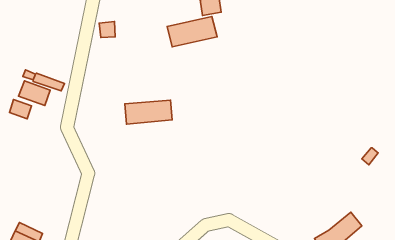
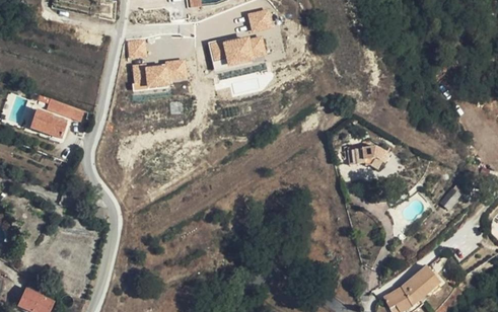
building: [9,99,32,119] -> none
building: [125,100,172,124] -> [130,61,187,89]
building: none -> [348,147,389,169]

